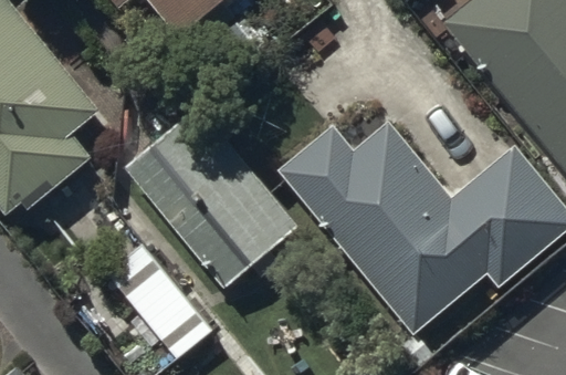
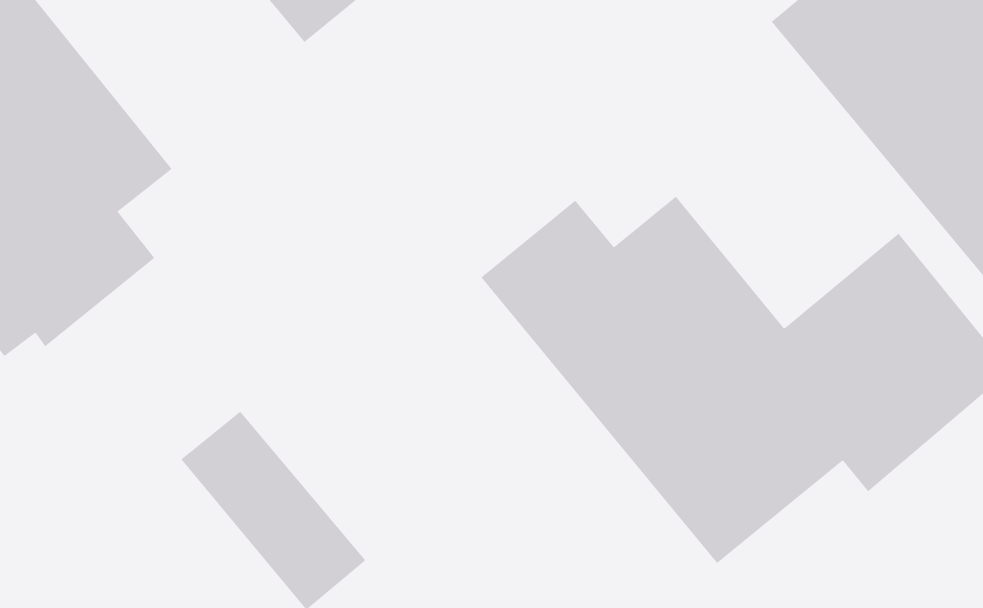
building: [124,104,298,288] -> none

